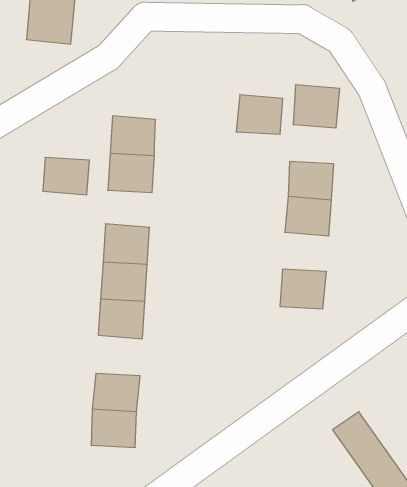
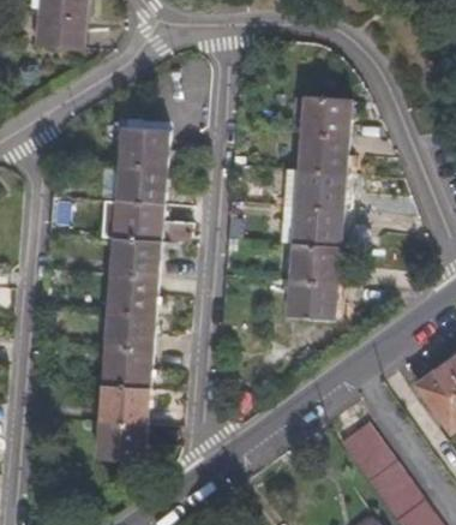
building: [236,95,283,134] -> [299,135,346,174]
building: [43,158,89,195] -> [114,201,161,238]
building: none -> [292,243,338,282]
building: none -> [104,346,151,387]

